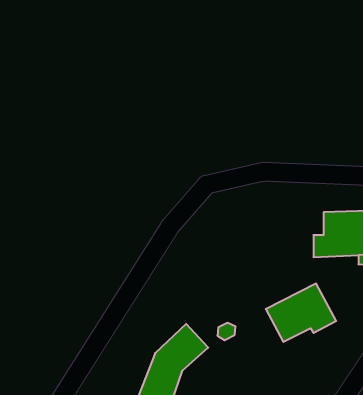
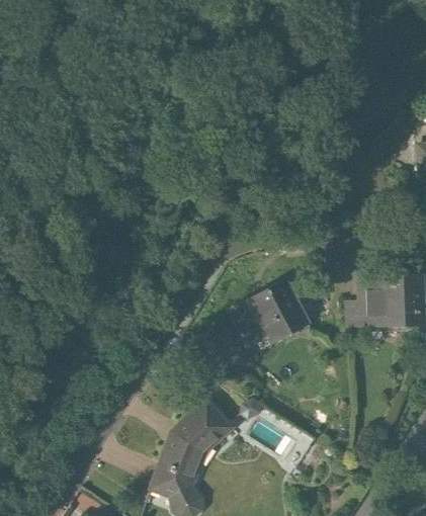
building: [266,283,336,342] -> [232,280,310,345]

